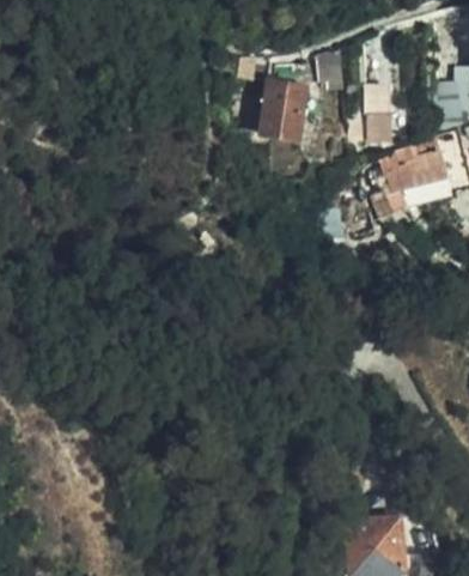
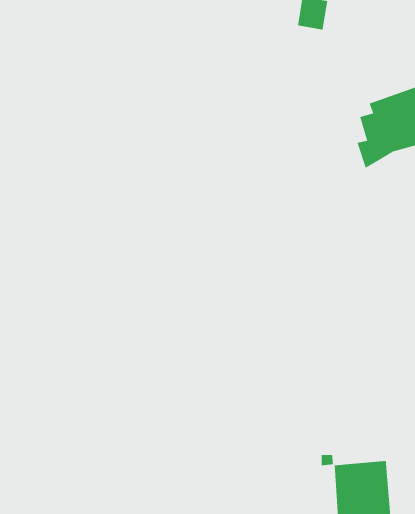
building: [364,83,392,143] -> none
building: [260,84,309,141] -> none

